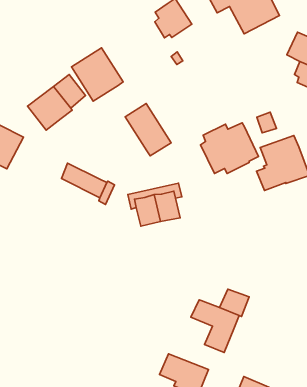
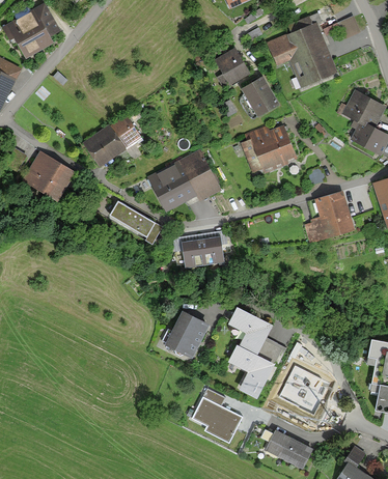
building: none -> [241,76,279,117]
building: [72,48,123,101] -> [146,160,196,212]
building: [201,123,258,174] -> [241,123,297,172]
building: none -> [227,307,272,355]
building: none -> [164,311,209,359]
building: none -> [280,365,328,411]

